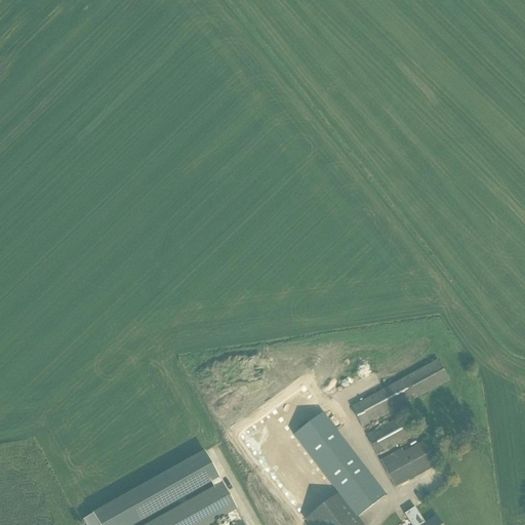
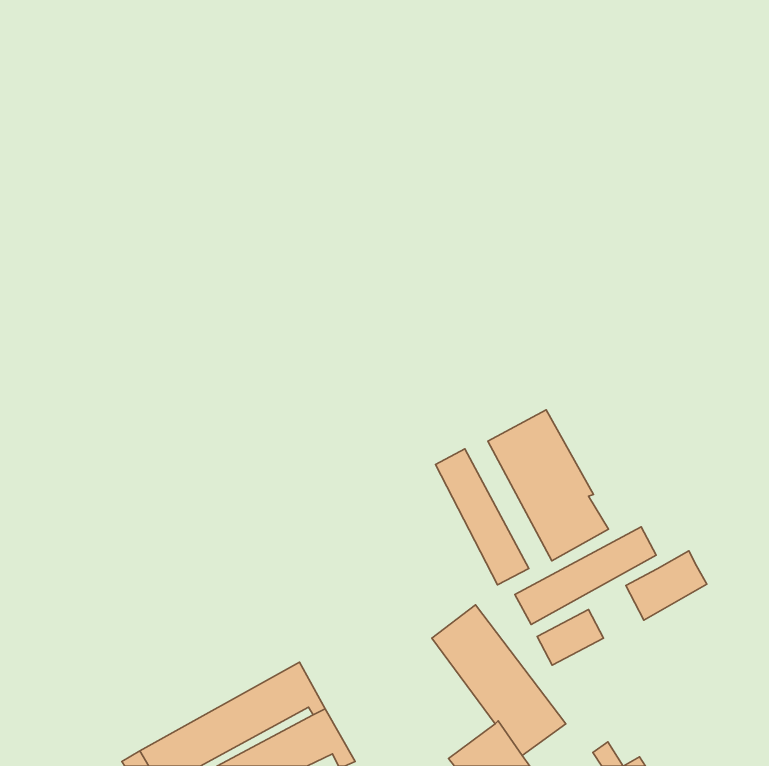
building: none -> [488,410,609,561]
building: none -> [436,449,529,585]
building: [382,439,438,486] -> [626,551,707,620]

